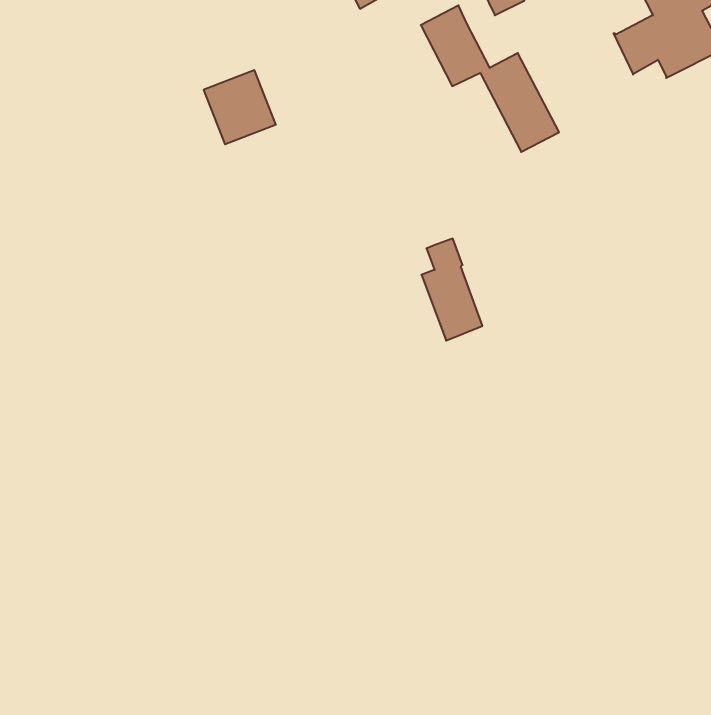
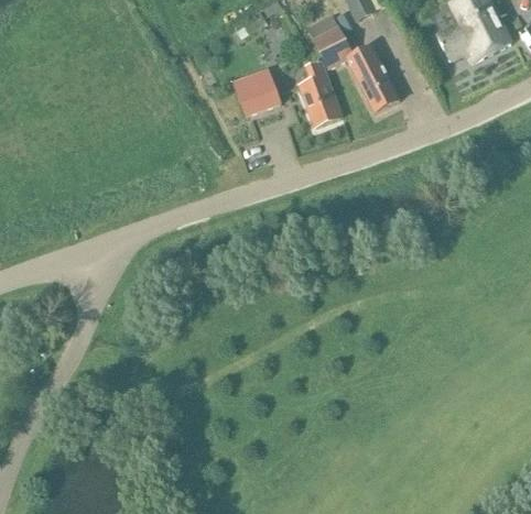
building: [204,70,276,144] -> [230,68,279,118]
building: [421,239,482,341] -> [299,57,339,125]

